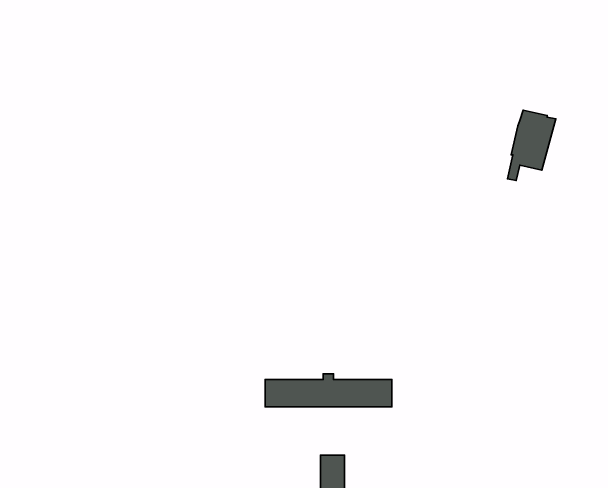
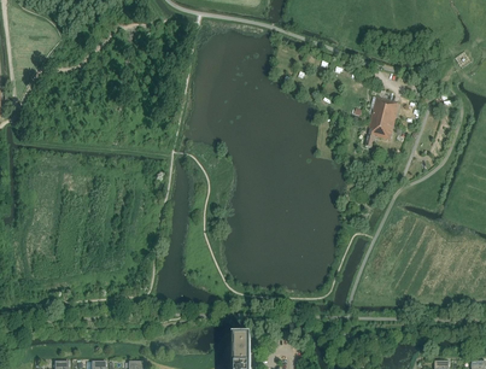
building: [265,374,392,407] -> none

